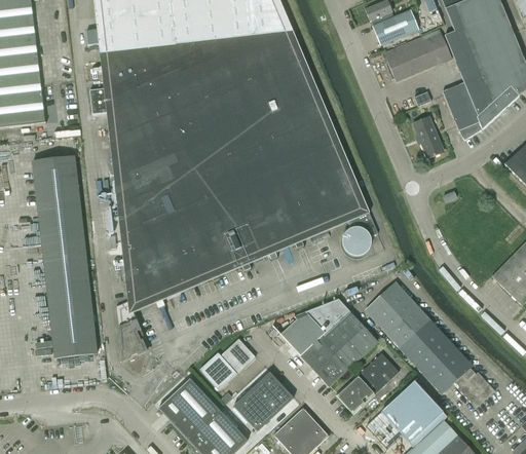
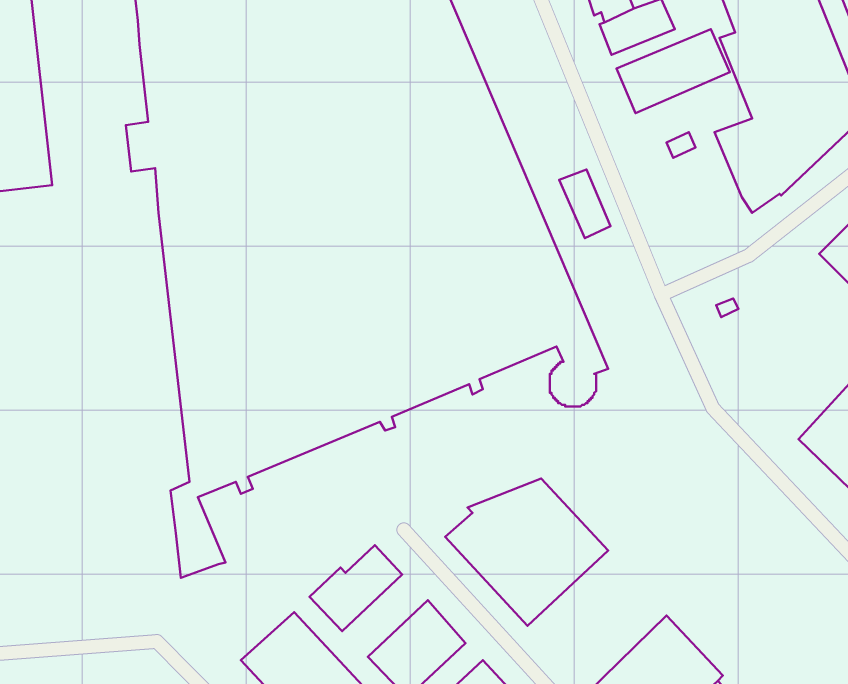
building: [412,116,443,157] -> [559,169,611,238]
building: [32,155,98,357] -> none
building: [365,281,495,407] -> none
building: [336,351,399,413] -> none

